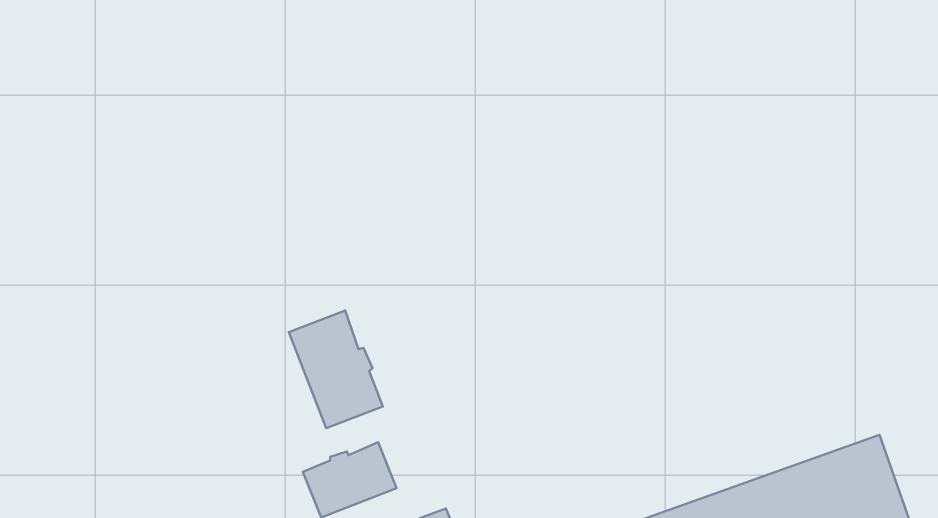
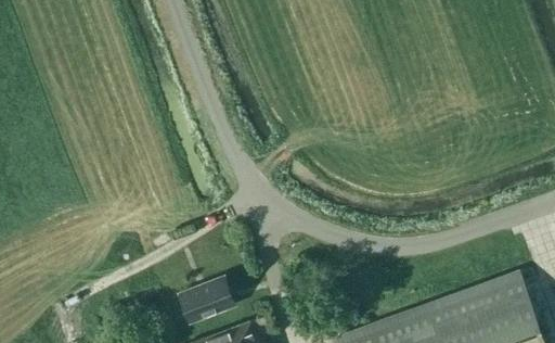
building: [289,311,383,428] -> none

